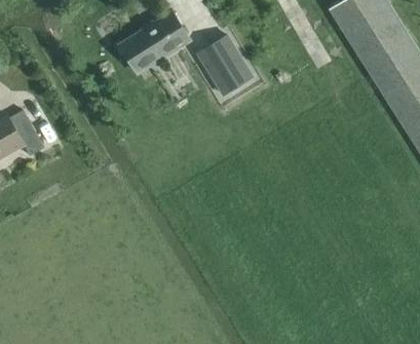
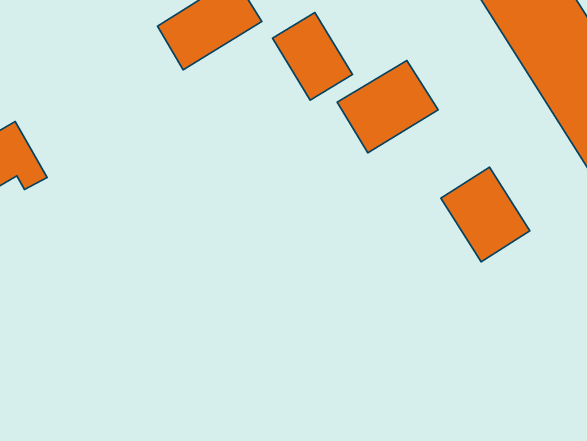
building: none -> [337,61,438,153]
building: none -> [441,167,530,262]

